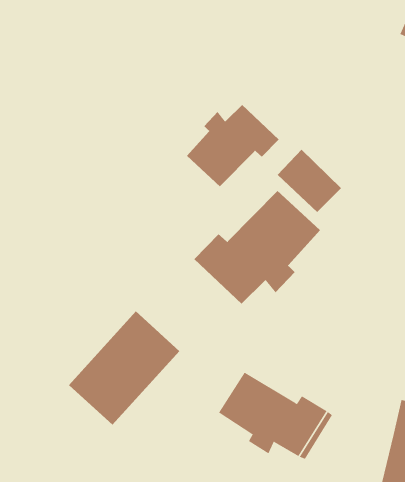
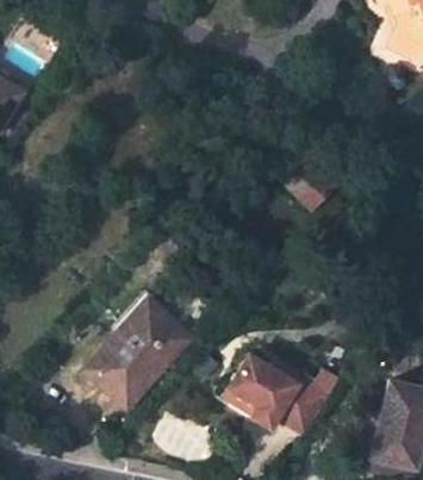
building: [186,104,279,187] -> none
building: [193,190,321,304] -> none

